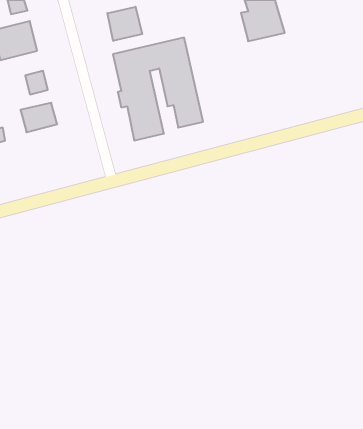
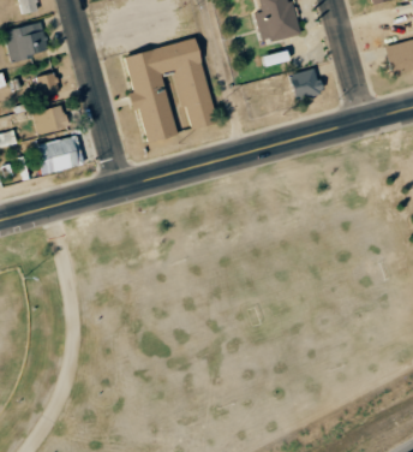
building: [107,7,142,41] -> none
building: none -> [289,69,322,100]
building: none -> [36,136,84,173]

